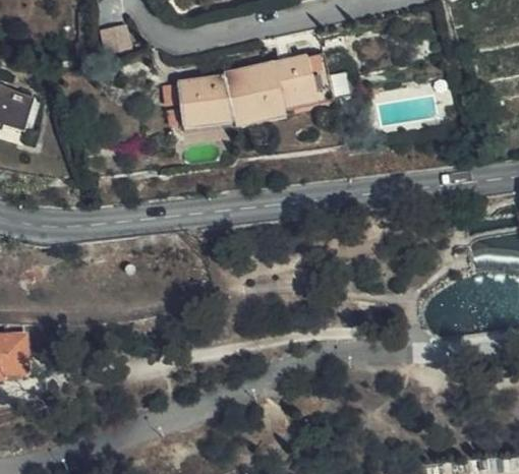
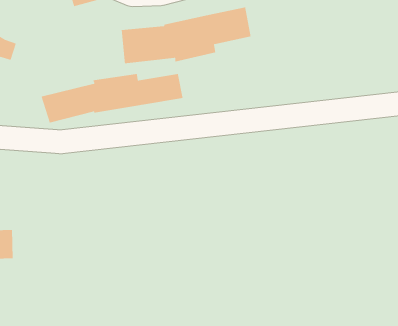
building: none -> [41,73,183,124]

